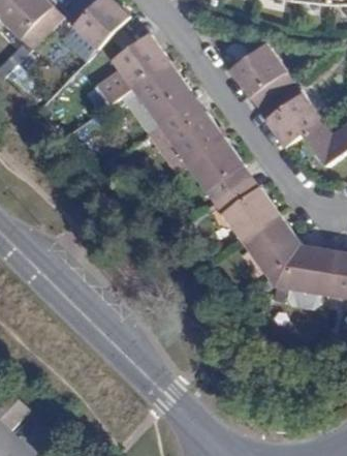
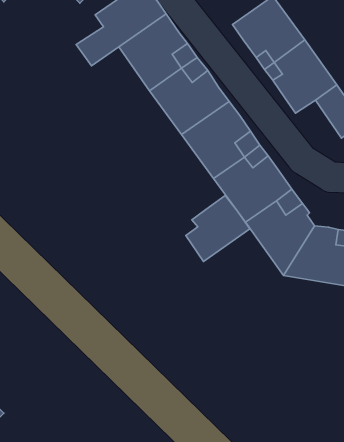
building: none -> [186,195,250,262]

